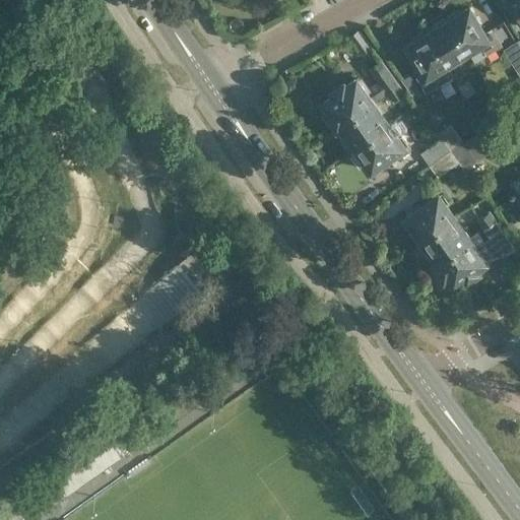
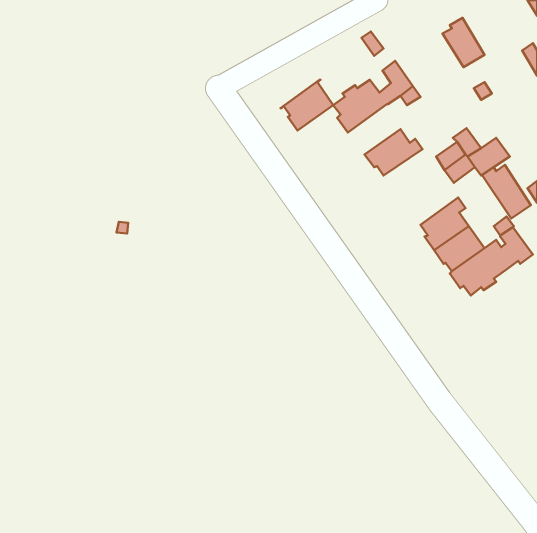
building: [447,11,503,59] -> none
building: [406,36,454,96] -> none
building: [336,105,387,153] -> [281,80,333,130]
building: none -> [482,165,531,218]

